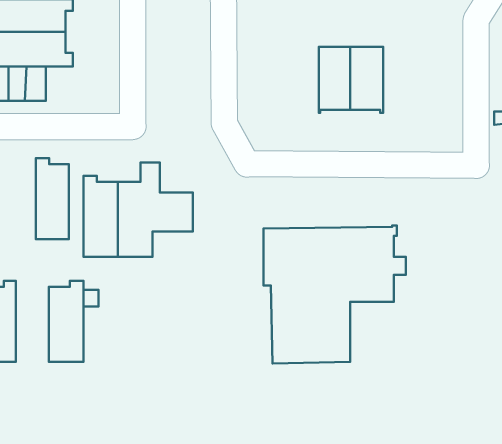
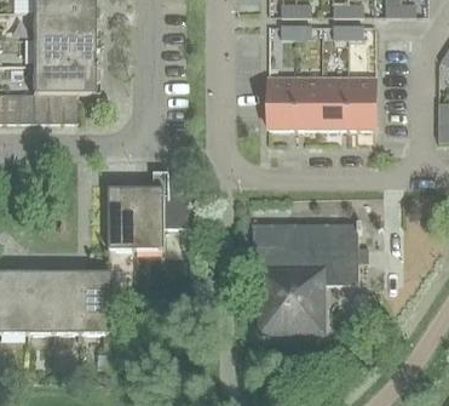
building: none -> [269,76,297,131]
building: none -> [349,78,375,131]
building: [36,158,69,239] -> [52,267,79,332]

